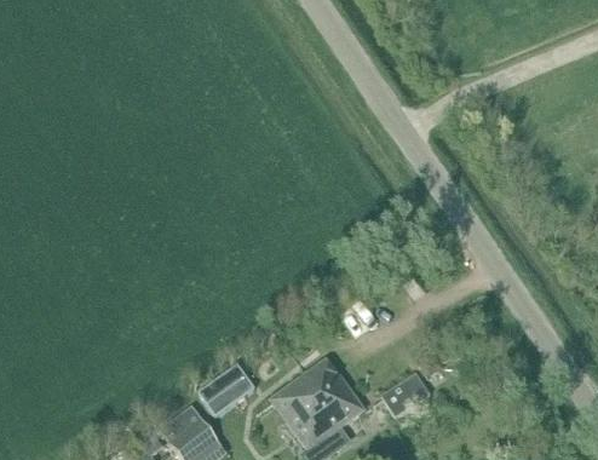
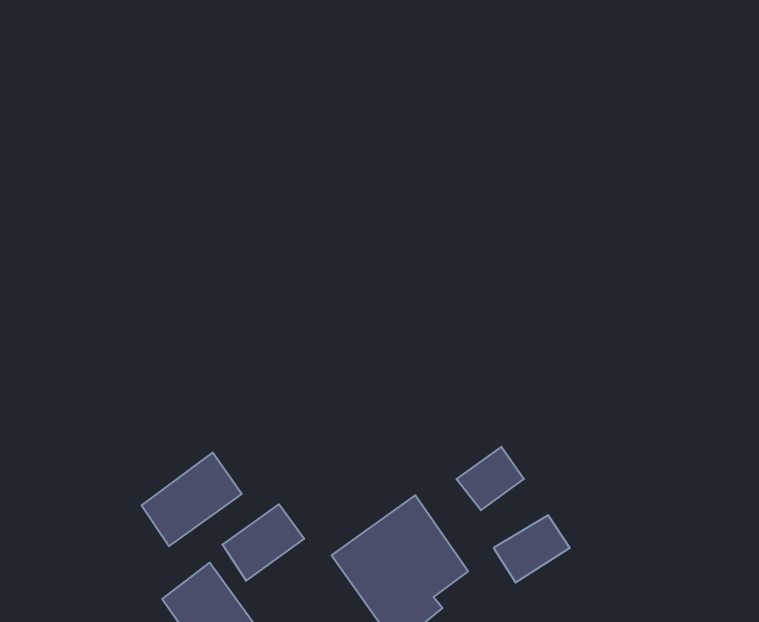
building: none -> [456,447,524,510]
building: none -> [142,453,242,546]

